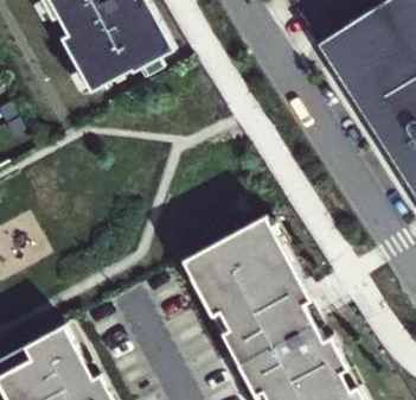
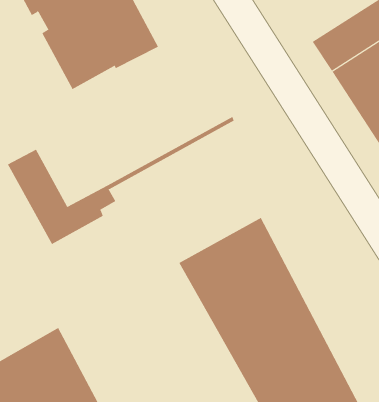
building: none -> [7,116,235,245]

